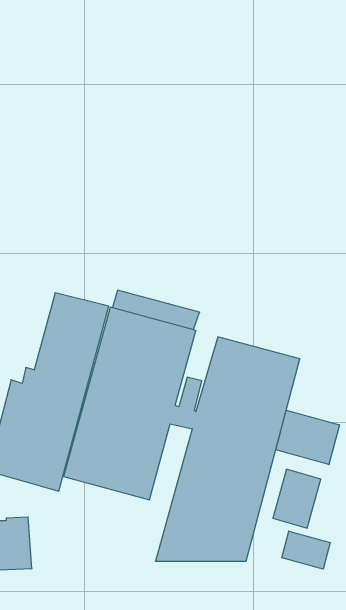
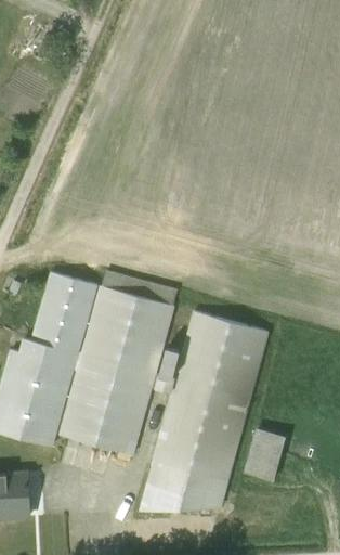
building: [276,410,339,465] -> none
building: [282,531,330,569] -> none

